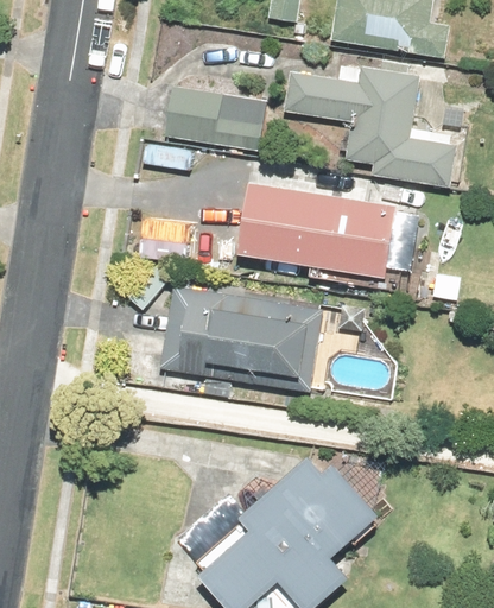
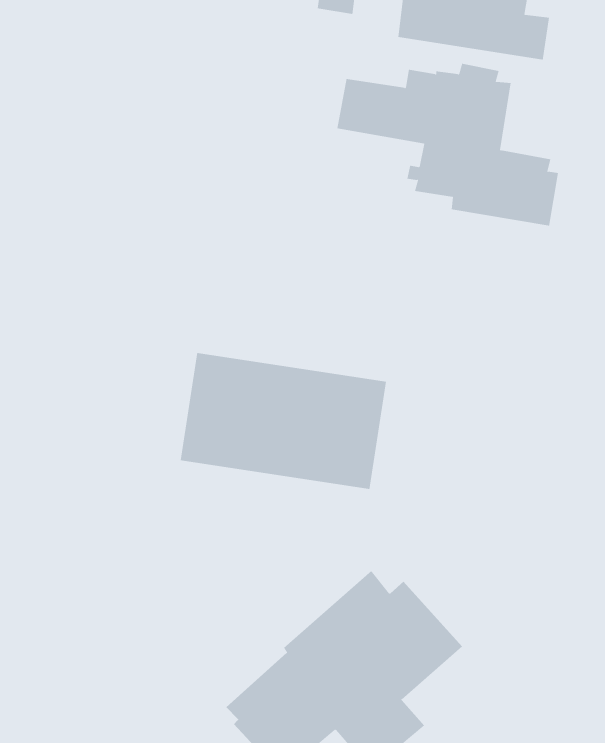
building: [163,88,264,152] -> none
building: [239,167,420,279] -> none

